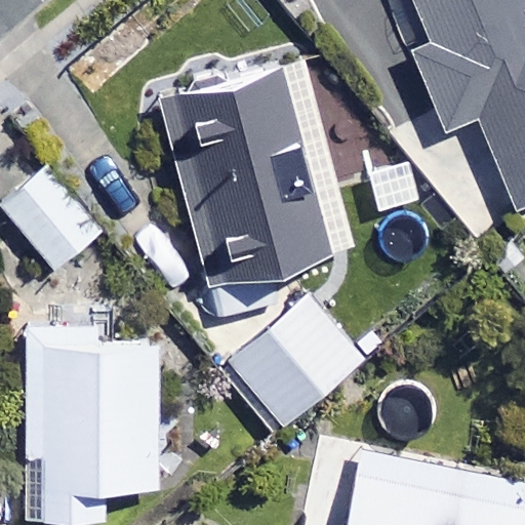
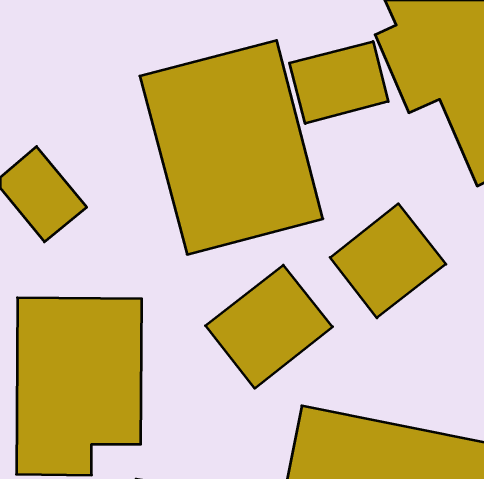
building: none -> [289,41,388,124]
building: none -> [330,204,446,318]

